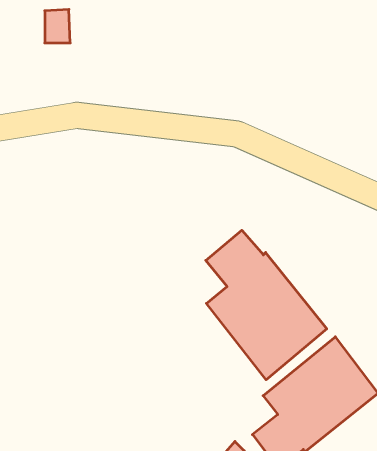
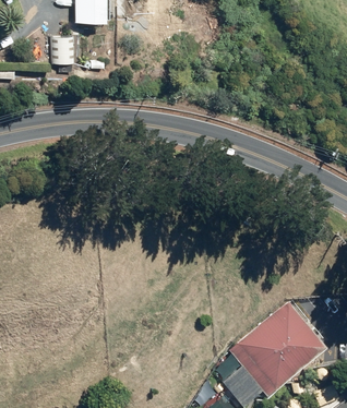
building: [206,230,327,380] -> none

